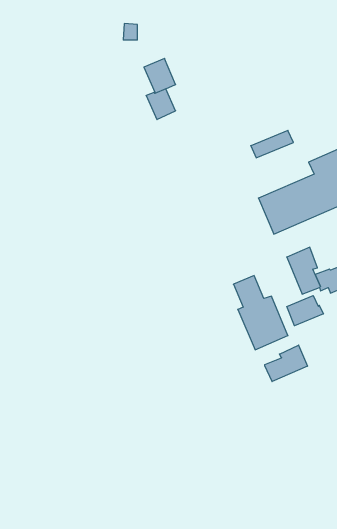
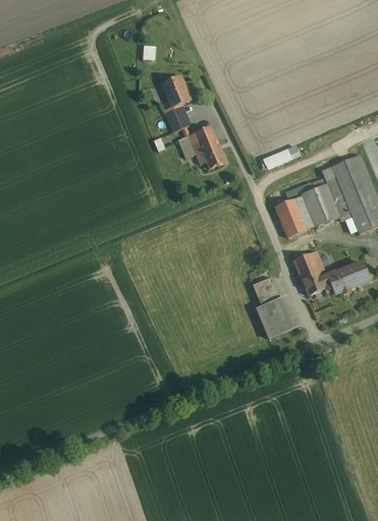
building: none -> [180,125,227,168]
building: [287,296,323,326] -> none
building: [265,345,307,382] -> none

